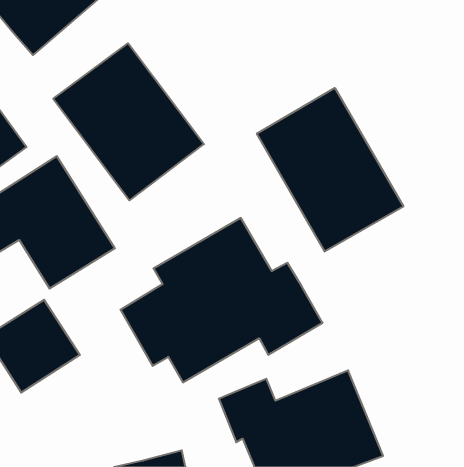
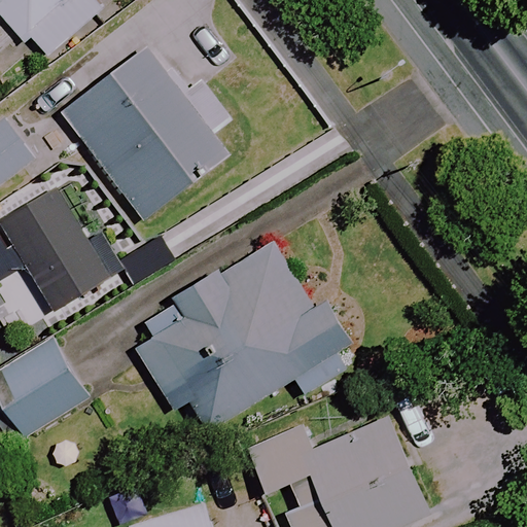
building: [257,88,403,252] -> none

